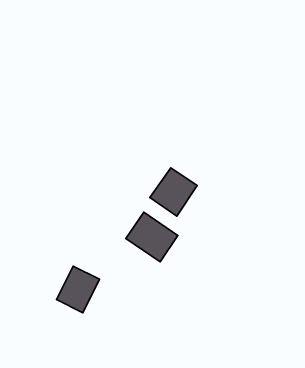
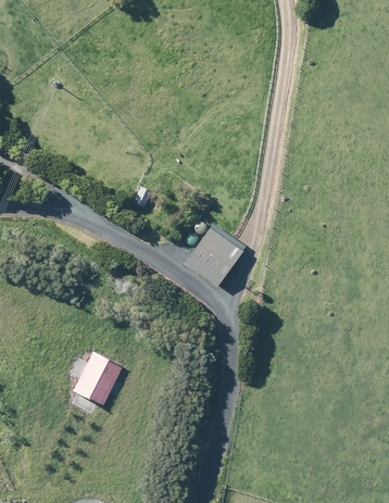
building: [126,212,178,262] -> none

